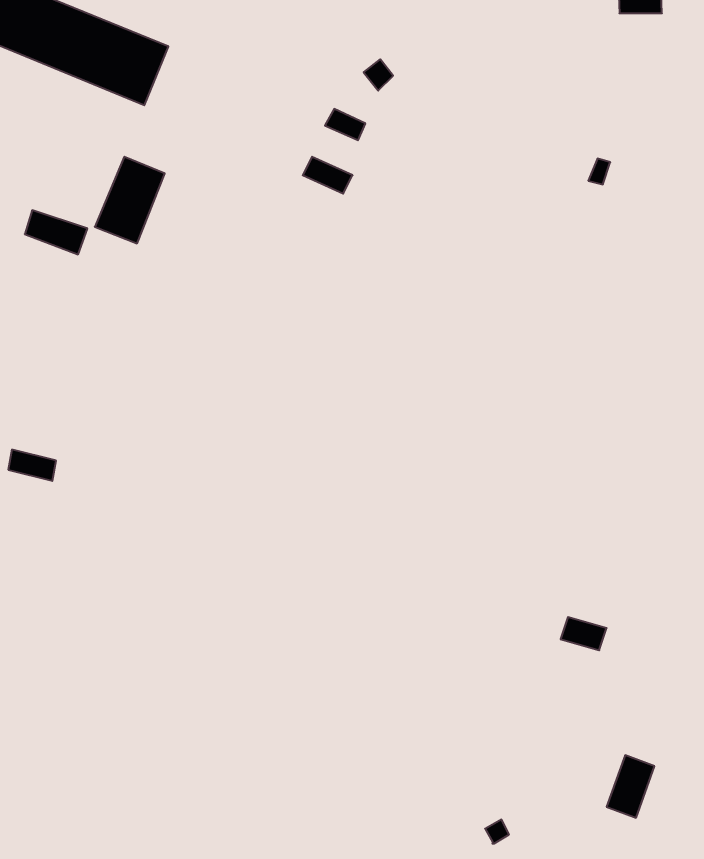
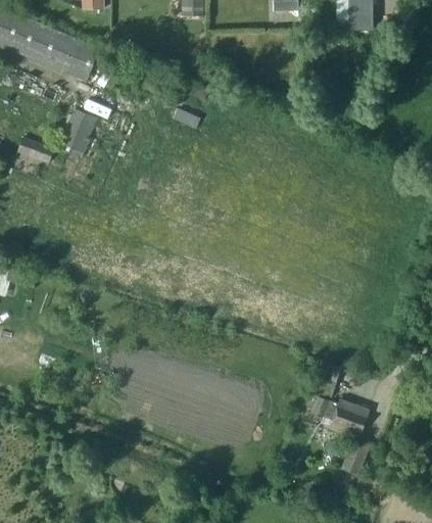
building: none -> [310,395,369,436]

